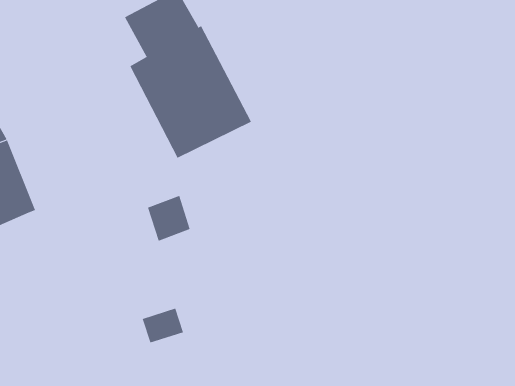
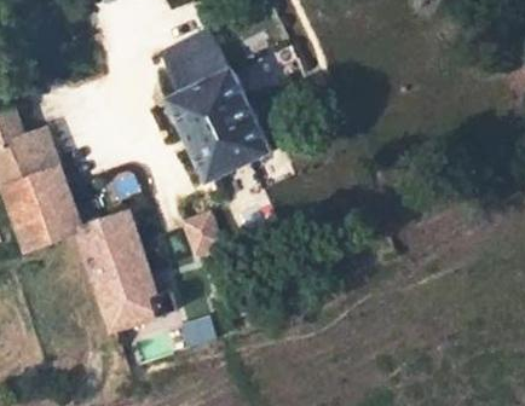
building: none -> [75,208,178,334]

